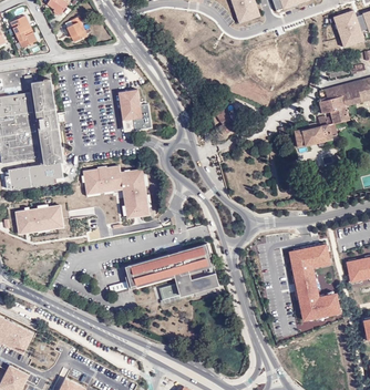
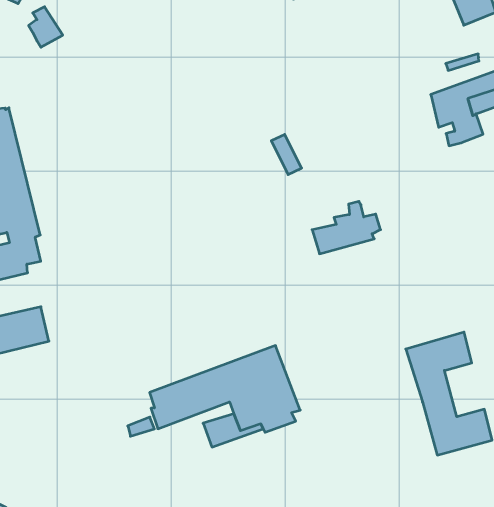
building: [120,90,153,132] -> none
building: [294,115,337,146] -> [312,201,381,254]
building: [84,166,151,220] -> none

